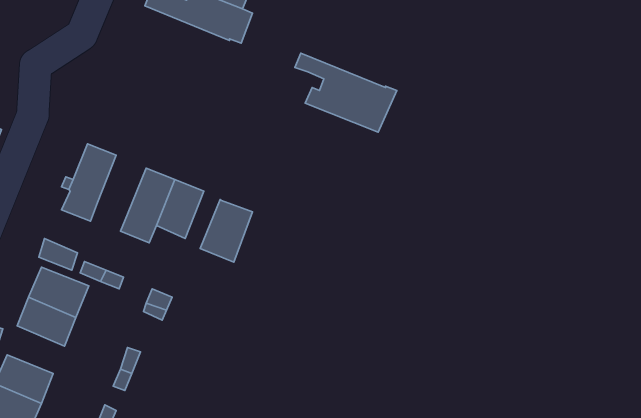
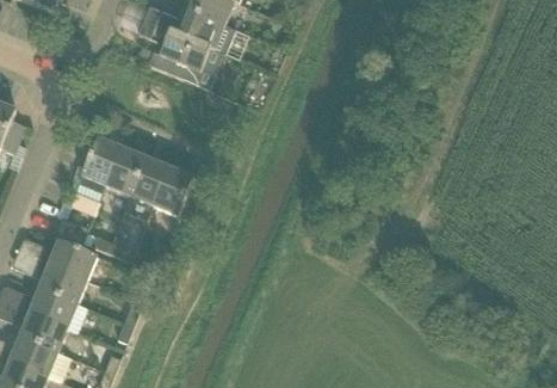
building: [295,53,397,132] -> [138,23,223,88]
building: none -> [104,147,144,196]
building: [200,200,253,262] -> none
building: none -> [29,289,76,328]

